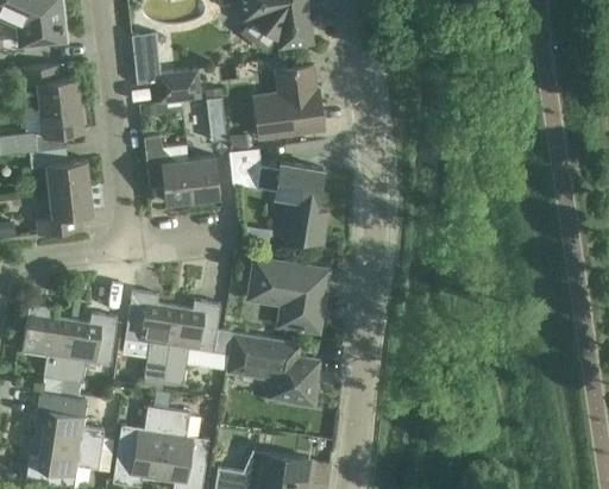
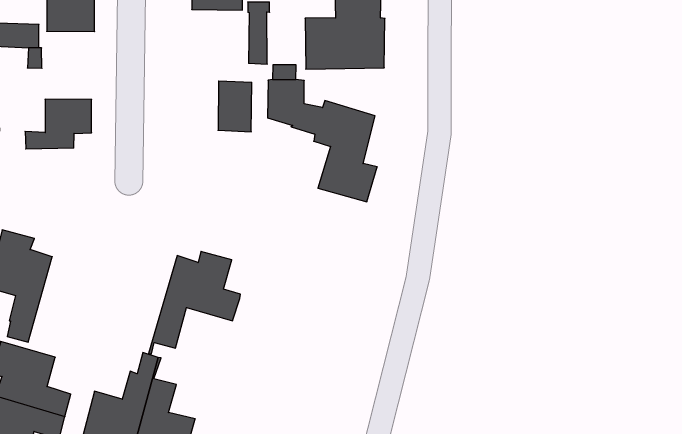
building: [146,137,195,203] -> none
building: [46,162,88,193] -> none
building: [250,262,327,333] -> none
building: [124,293,175,390] -> none
building: [62,314,118,394] -> none
building: [225,336,319,409] -> none

